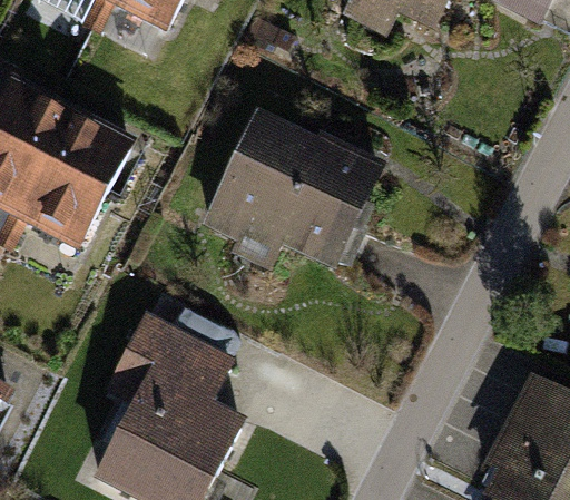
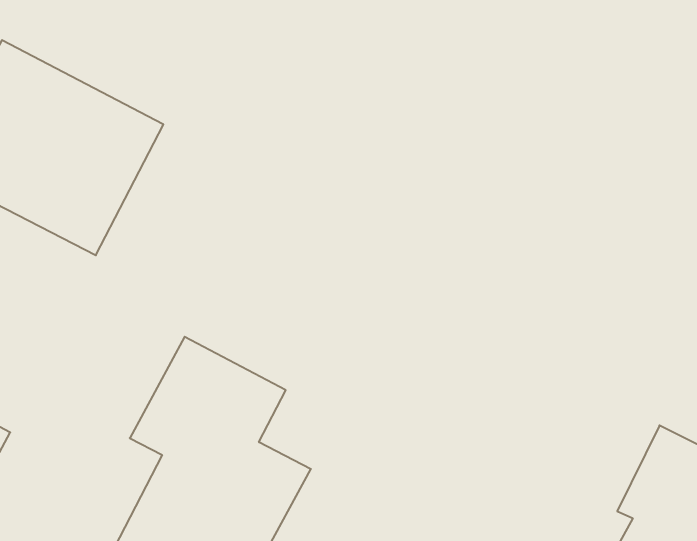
building: [204,112,384,272] -> none

